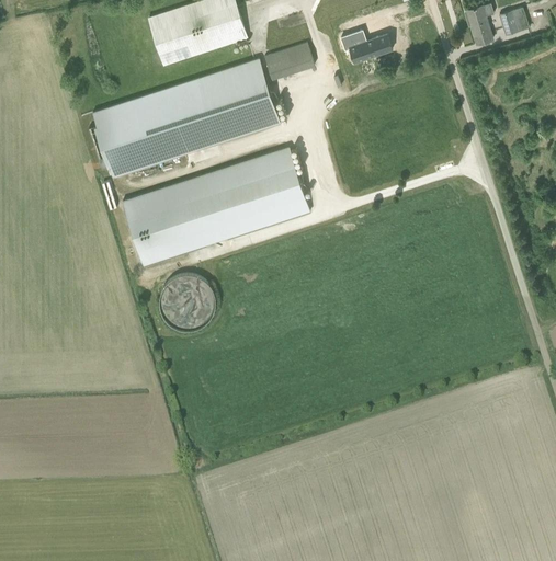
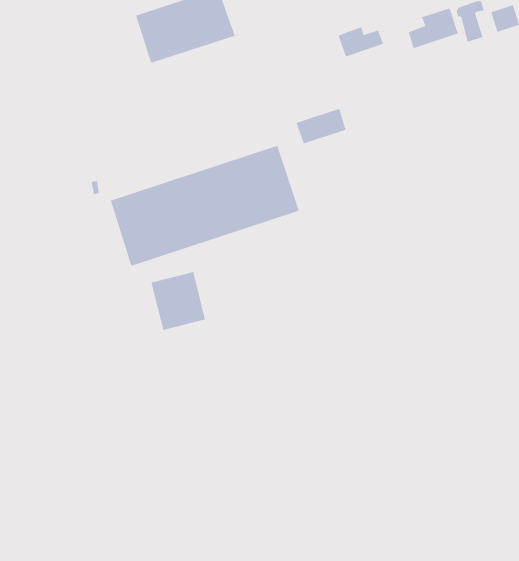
building: none -> [408,8,459,49]
building: [263,43,314,79] -> [296,108,346,145]
building: [88,58,280,178] -> none

